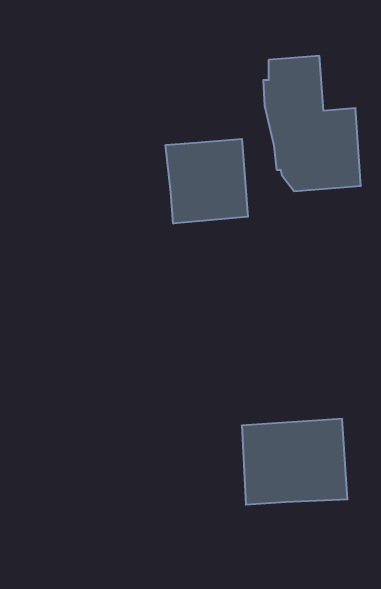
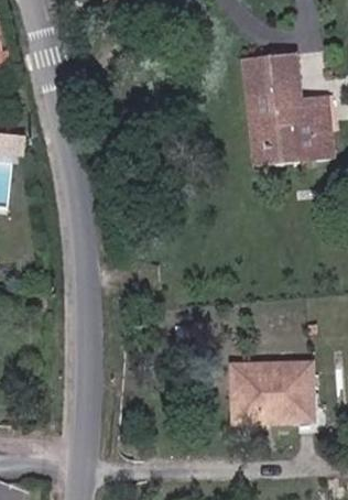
building: [166,139,248,224] -> none

